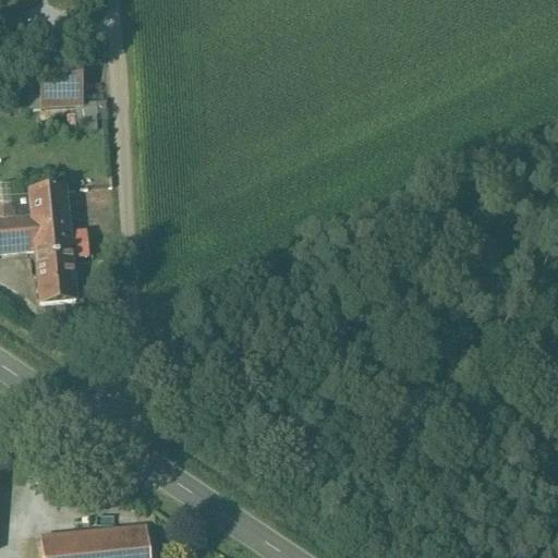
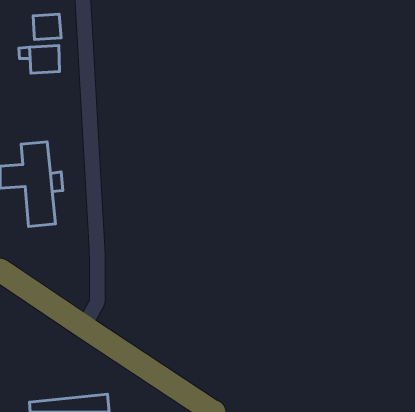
building: none -> [33,14,61,39]

